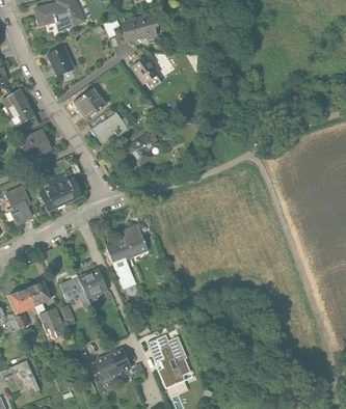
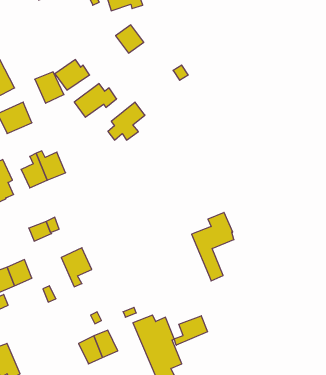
building: [46,46,74,76] -> [35,72,64,103]
building: [105,225,145,291] -> [192,212,234,281]
building: [59,276,90,309] -> none
building: [38,308,65,337] -> none
building: none -> [174,316,208,345]

